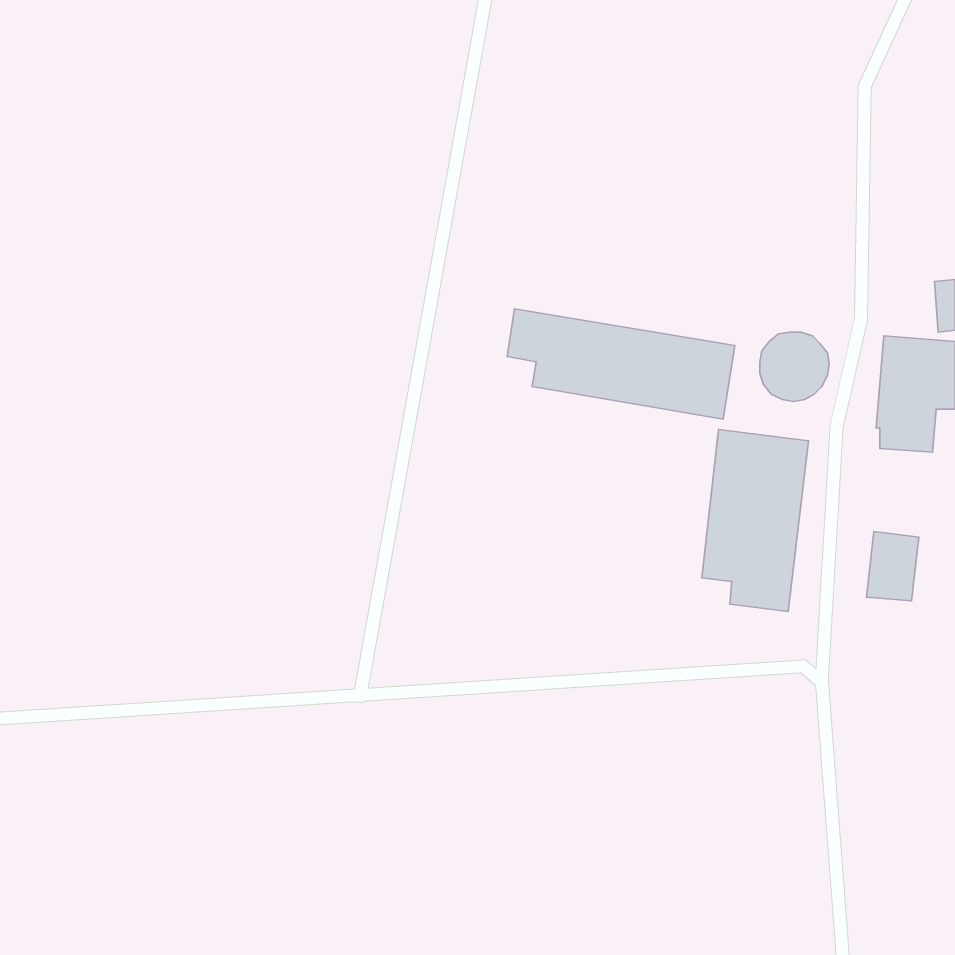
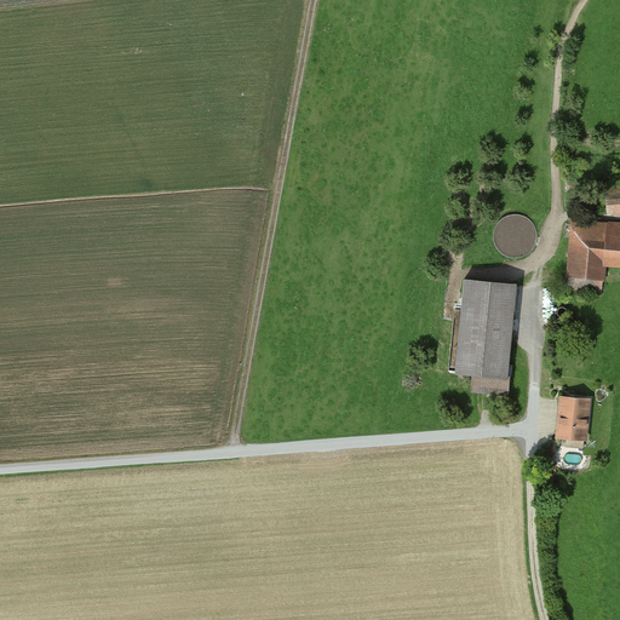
building: [507,309,735,419] -> none
building: [866,531,919,601] -> [556,396,590,441]

